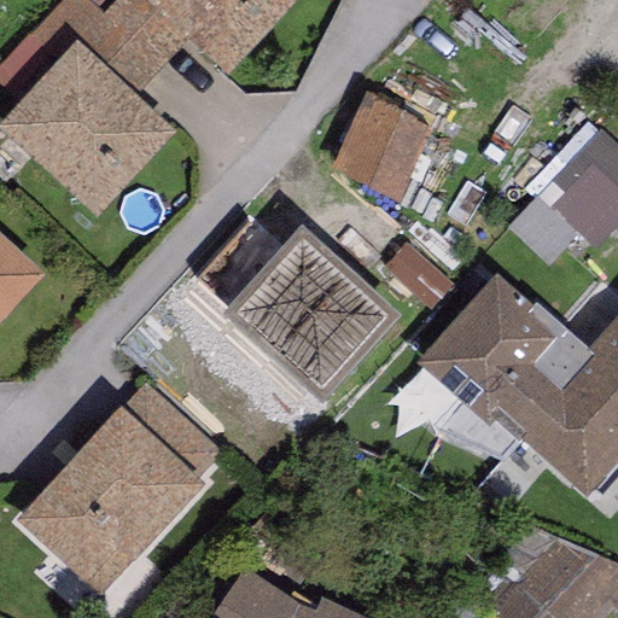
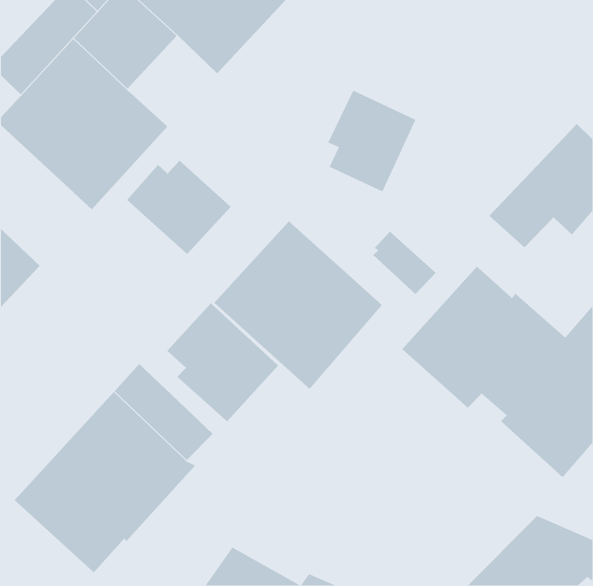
building: none -> [126,160,231,255]
building: none -> [167,303,279,422]

